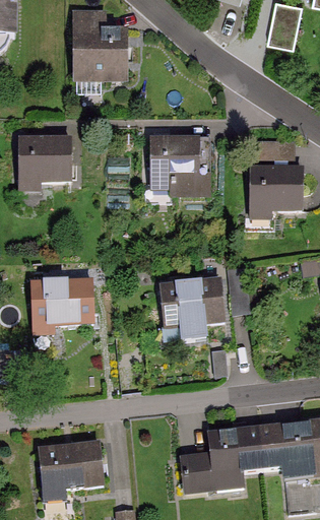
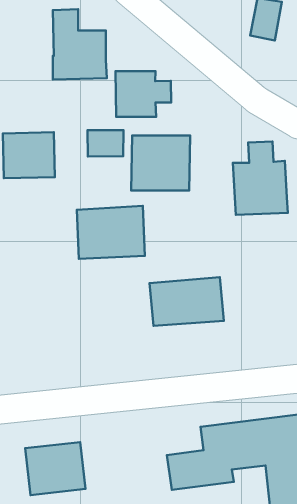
building: none -> [115,71,171,117]
building: none -> [87,130,124,156]
building: [29,276,98,329] -> [77,206,145,259]

